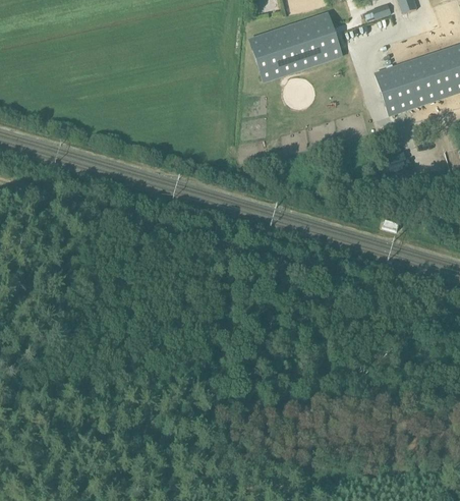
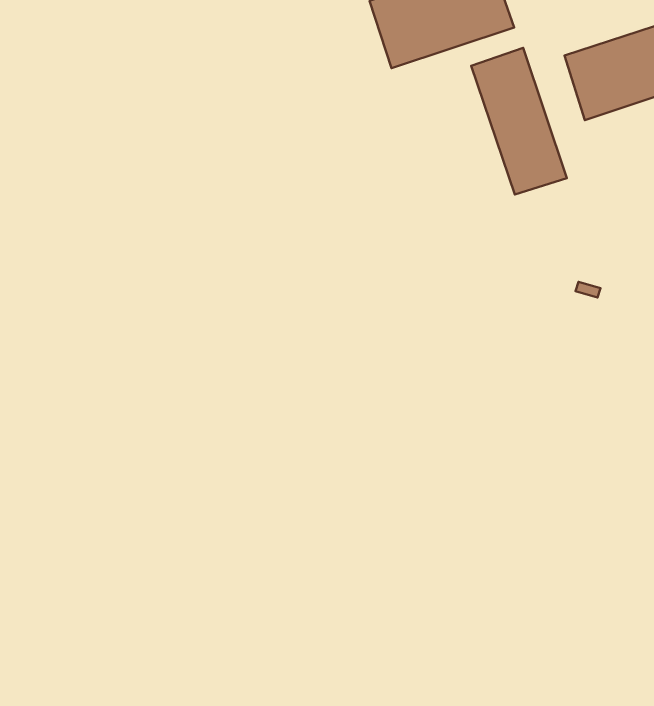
building: none -> [471,48,567,195]

